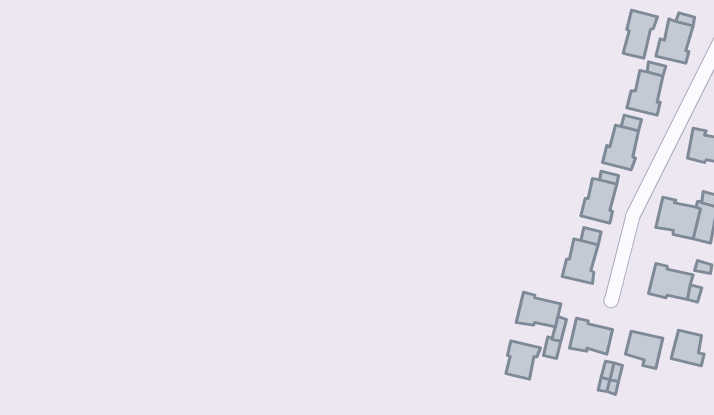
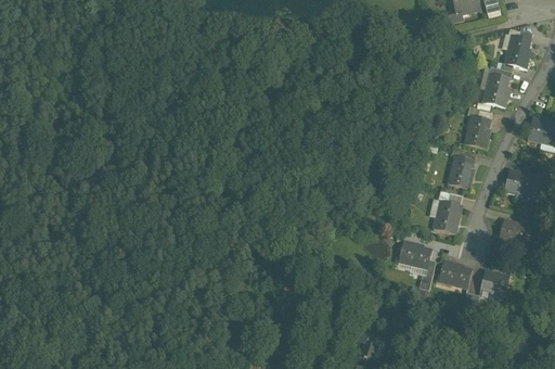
building: [623,10,657,58] -> none
building: [671,330,704,366] -> none
building: [506,341,540,379] -> none

